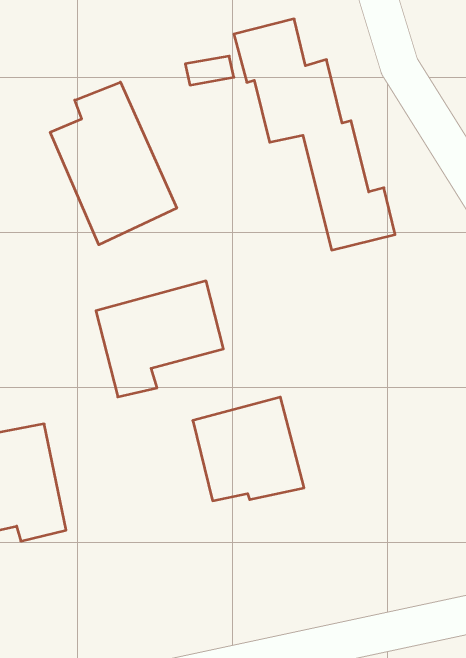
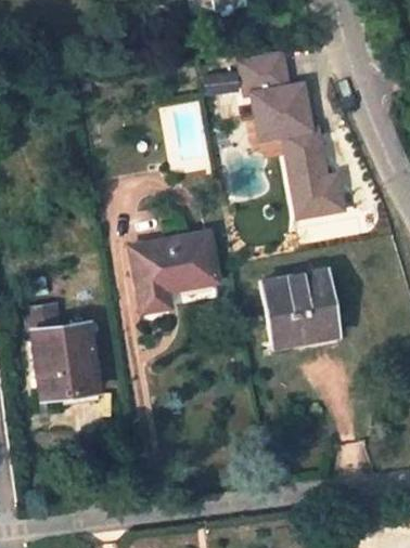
building: [50,82,177,245] -> none
building: [193,397,304,501] -> [260,270,335,340]

